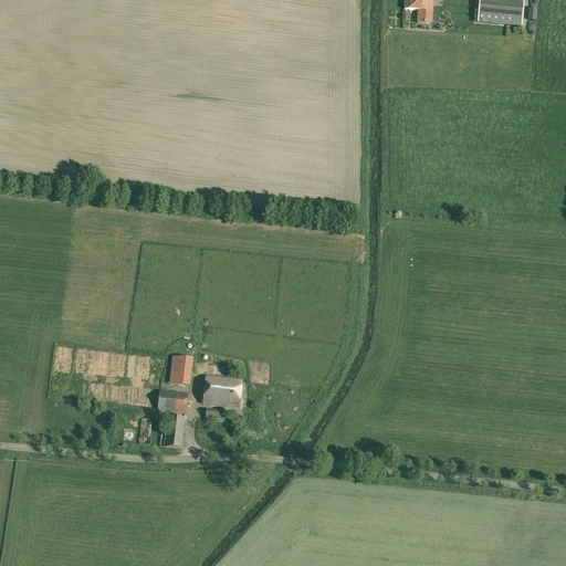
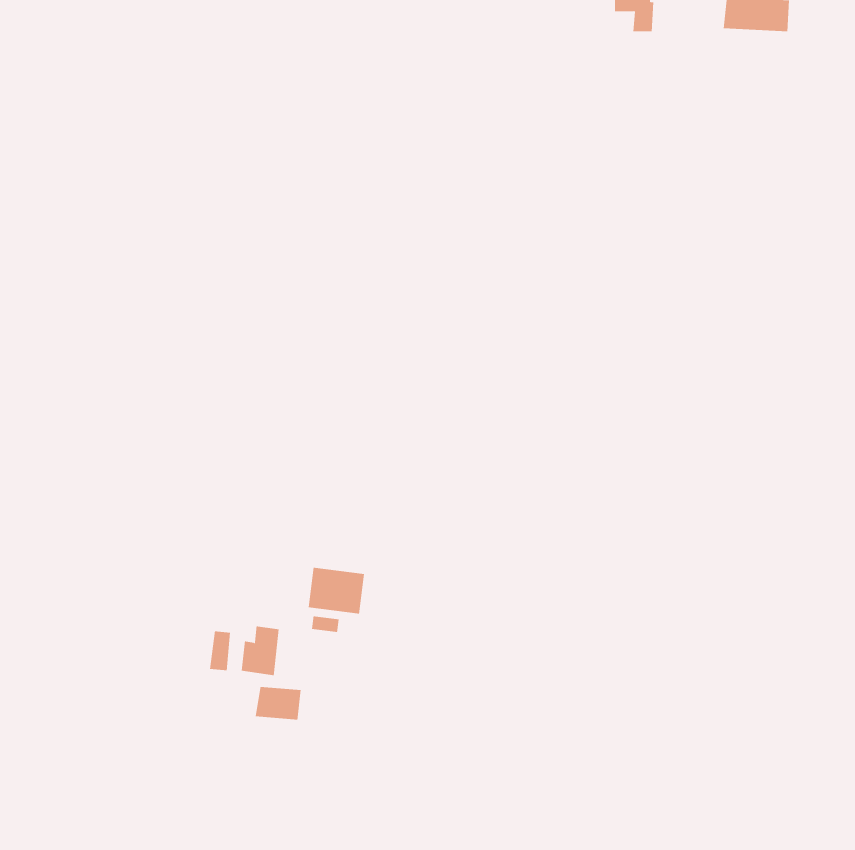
building: [170,355,193,385] -> none
building: [157,389,188,411] -> [255,687,302,720]

